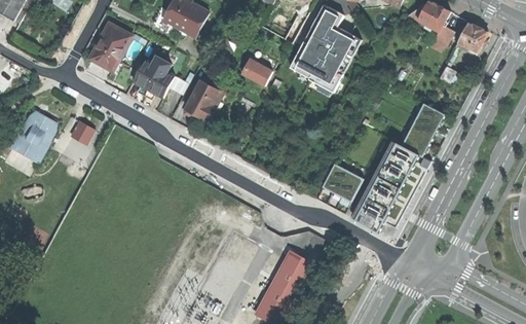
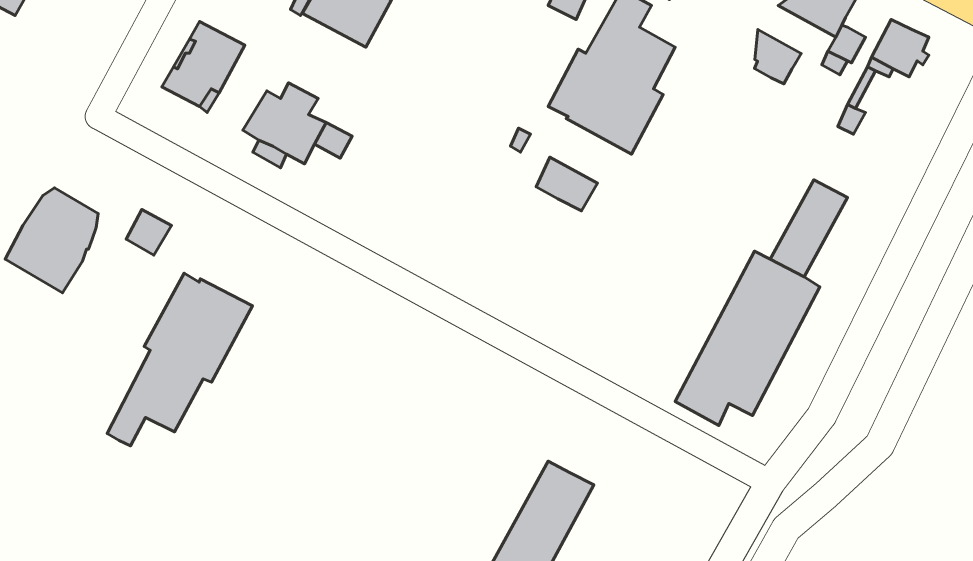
building: none -> [755,30,801,84]
building: [241,58,273,85] -> [536,157,597,211]
building: [185,80,225,120] -> none
building: none -> [107,273,252,446]
building: [322,163,364,202] -> none

